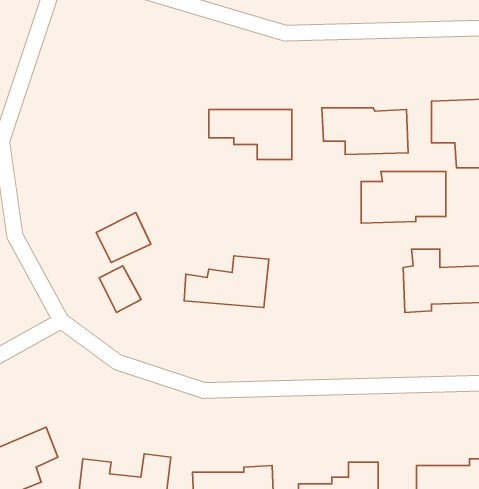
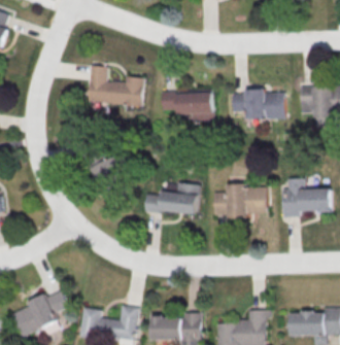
building: none -> [89,65,144,105]
building: [361,172,446,223] -> [214,185,267,217]
building: [99,266,141,312] -> none

